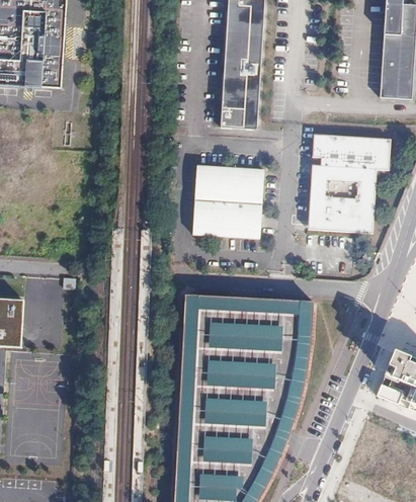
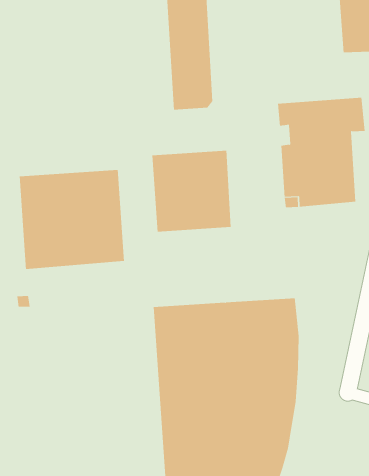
building: none -> [19,169,124,270]

